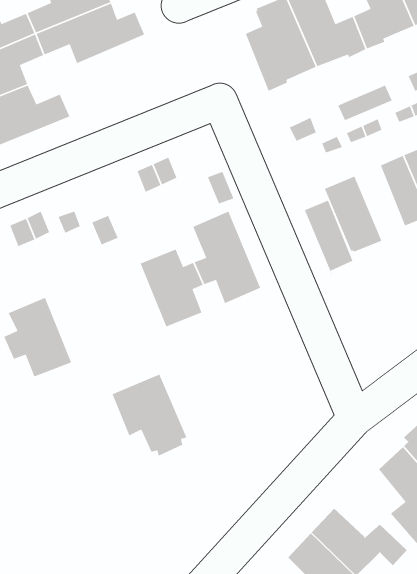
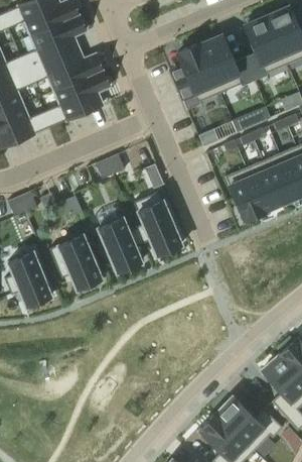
building: none -> [44,71,110,127]
building: [304,200,354,276] -> [247,160,281,213]
building: [111,373,188,457] -> [50,235,103,293]

